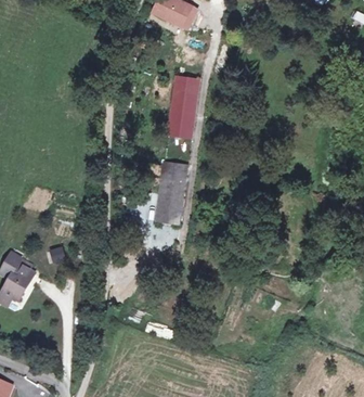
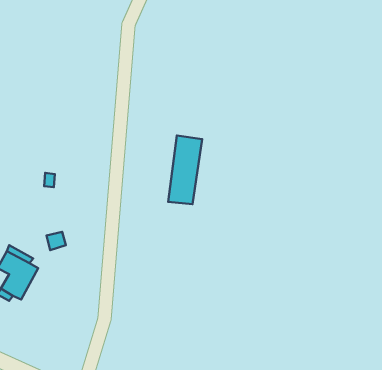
building: [168,74,197,135] -> none

